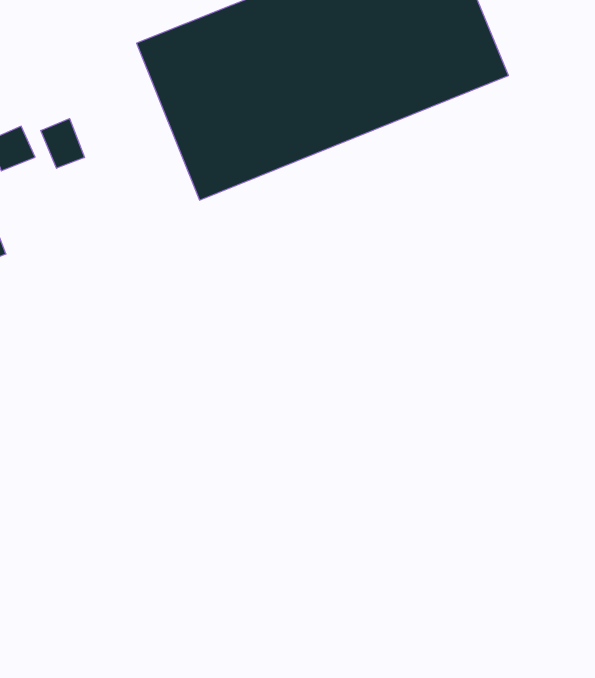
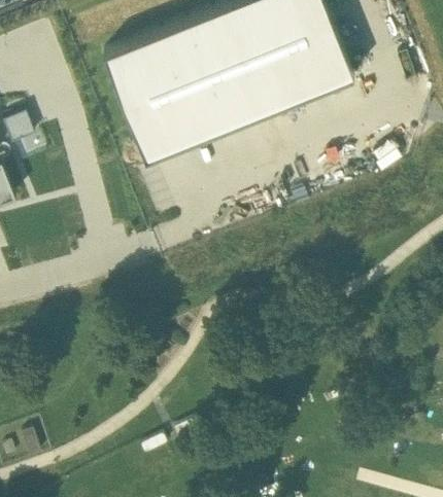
building: [41,119,84,168] -> none

